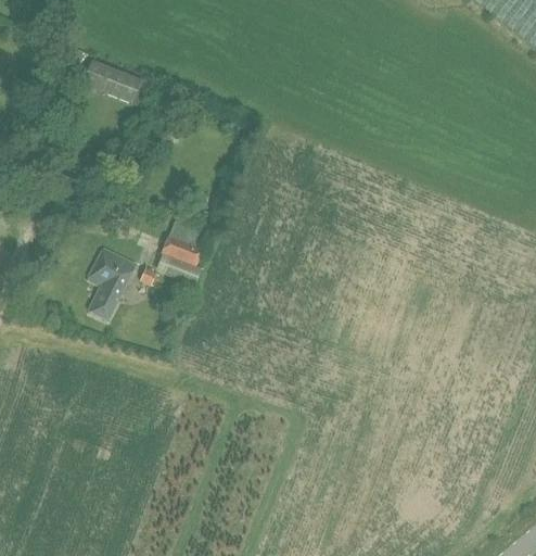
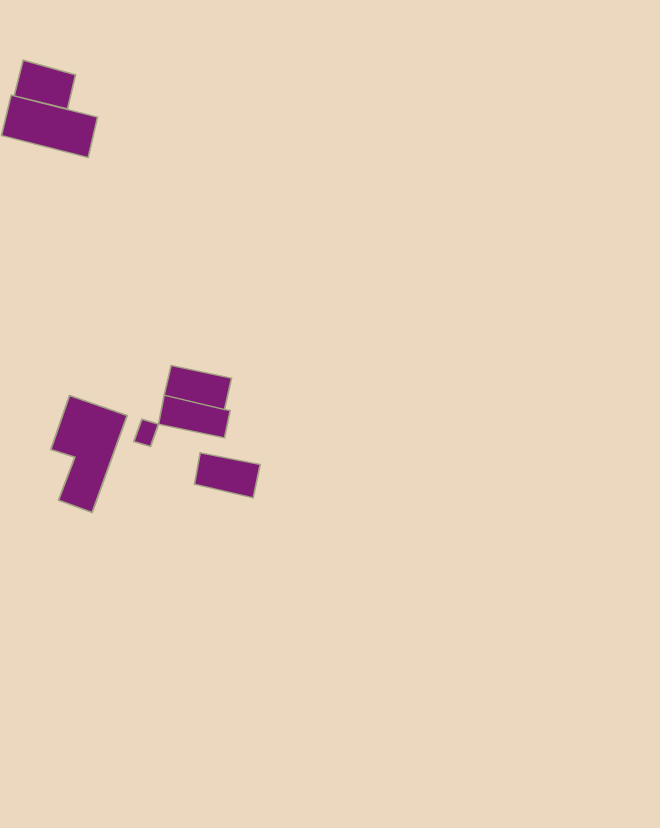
building: none -> [14,60,75,109]
building: none -> [194,453,260,498]

